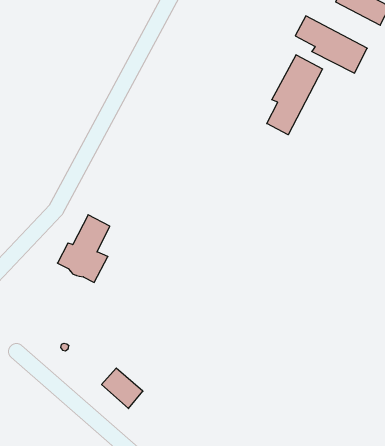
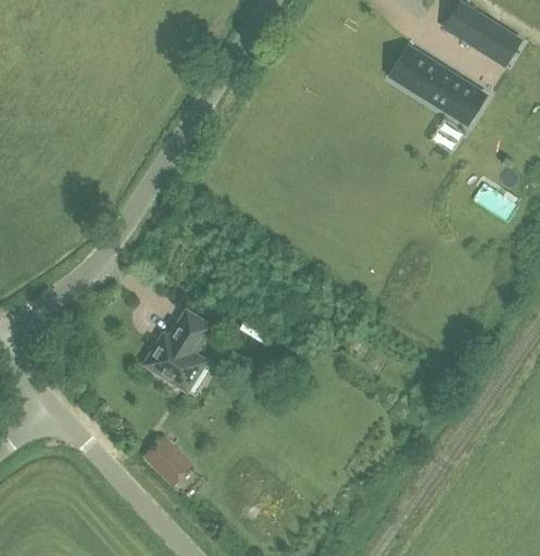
building: [267,55,323,135] -> none
building: [57,215,110,282] -> [146,308,210,387]

